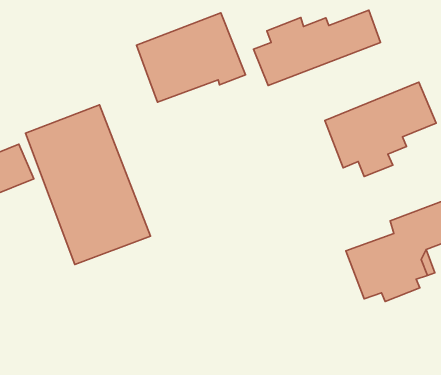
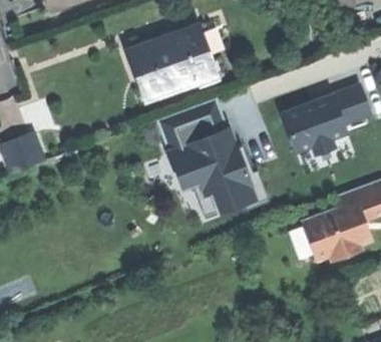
building: [253,10,380,86] -> none
building: [25,105,150,265] -> [157,96,259,226]

